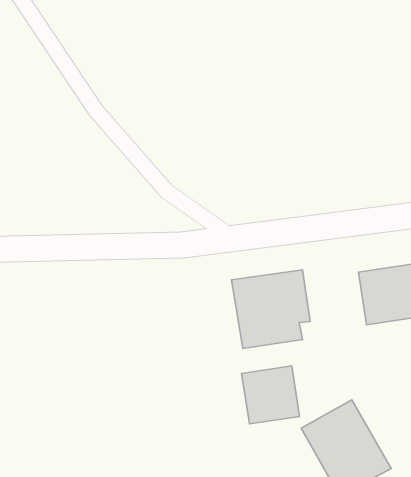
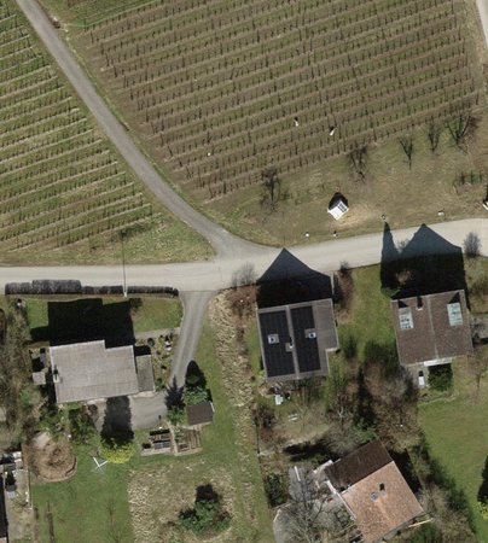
building: none -> [47,343,149,402]
building: [242,366,300,424] -> none

